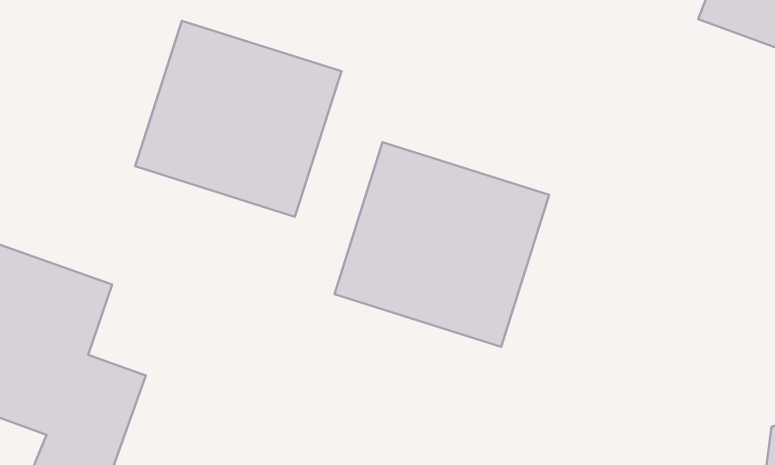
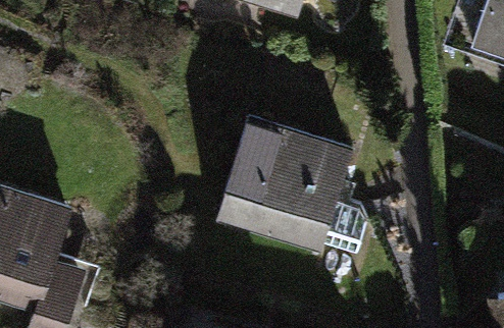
building: [135,21,341,217] -> none

